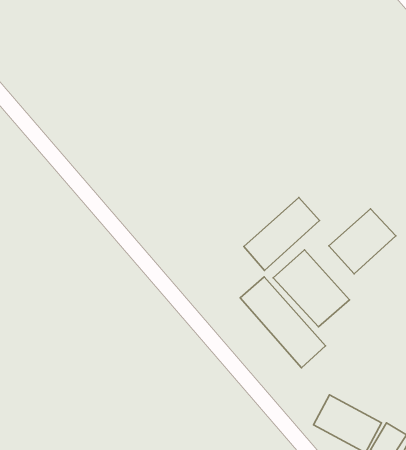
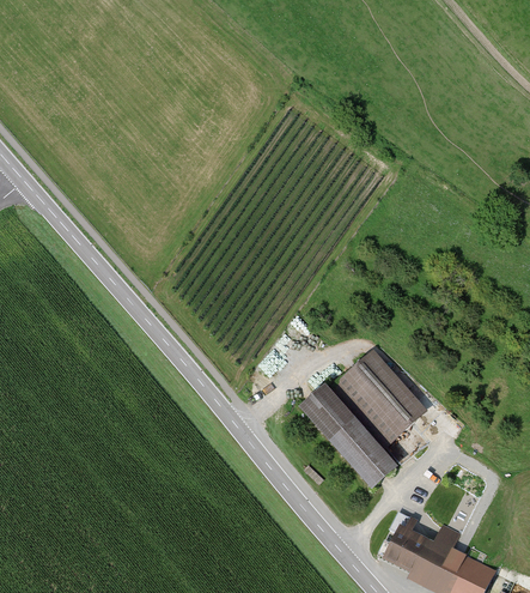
building: [244,197,320,271] -> none
building: [329,209,396,274] -> none

